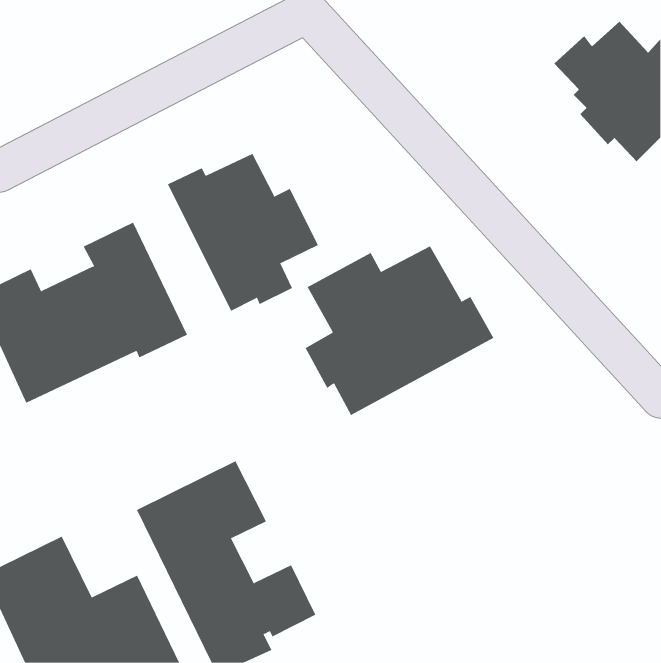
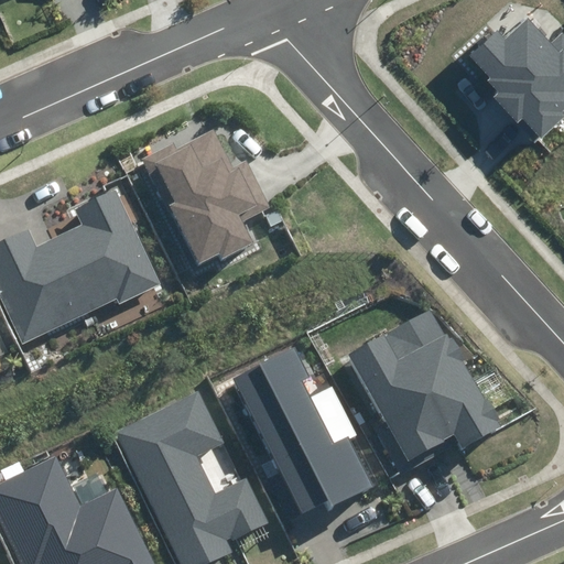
building: [305,245,494,416] -> none
building: none -> [348,310,500,476]
building: none -> [234,349,372,514]

